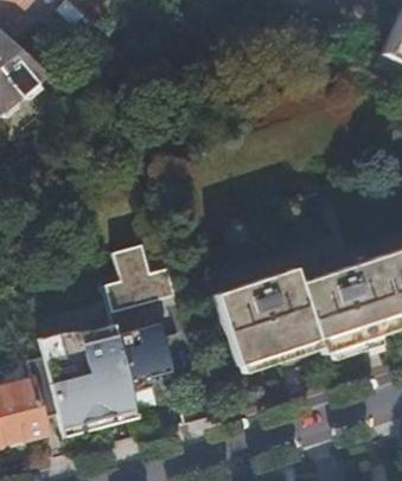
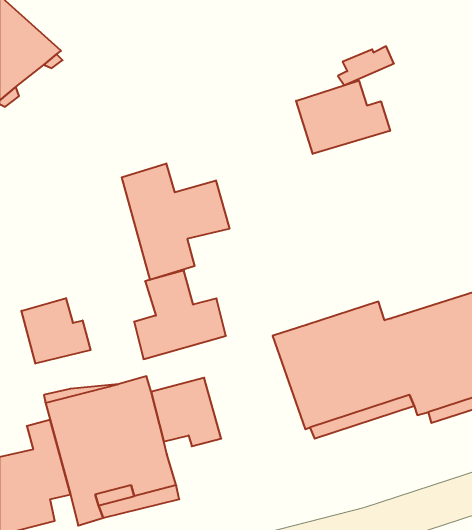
building: none -> [296,81,390,154]
building: none -> [122,163,229,280]
building: none -> [21,298,91,364]

